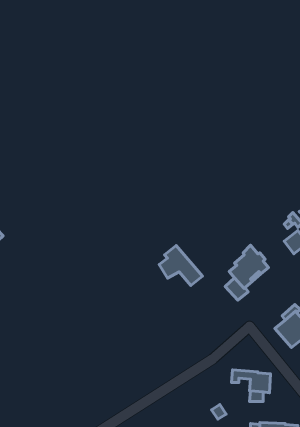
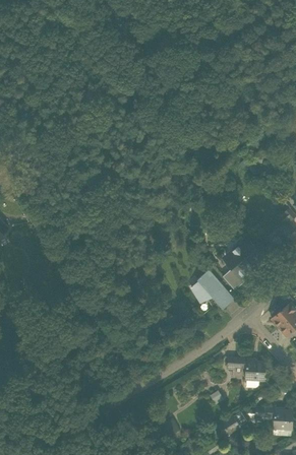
building: [159,246,202,286] -> [192,270,234,309]

